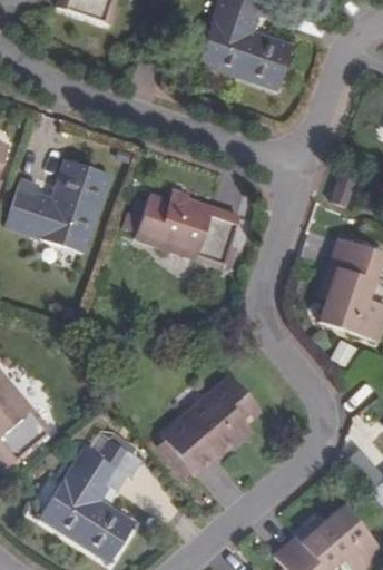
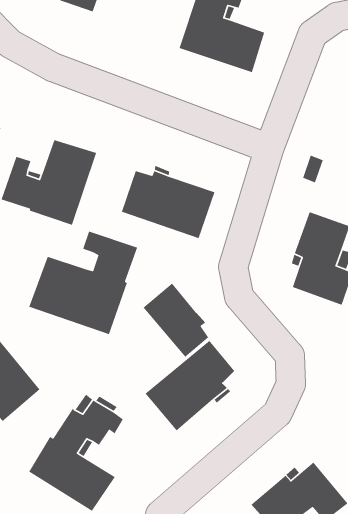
building: none -> [28,231,138,335]
building: none -> [142,283,209,358]

